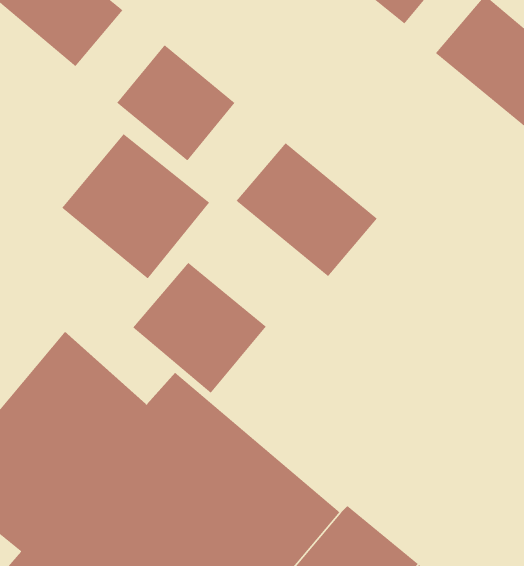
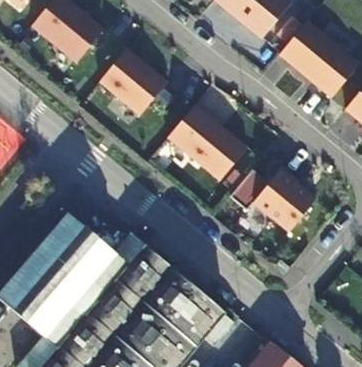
building: [61,133,210,279] -> none
building: none -> [228,169,315,232]
building: [132,262,267,394] -> none

